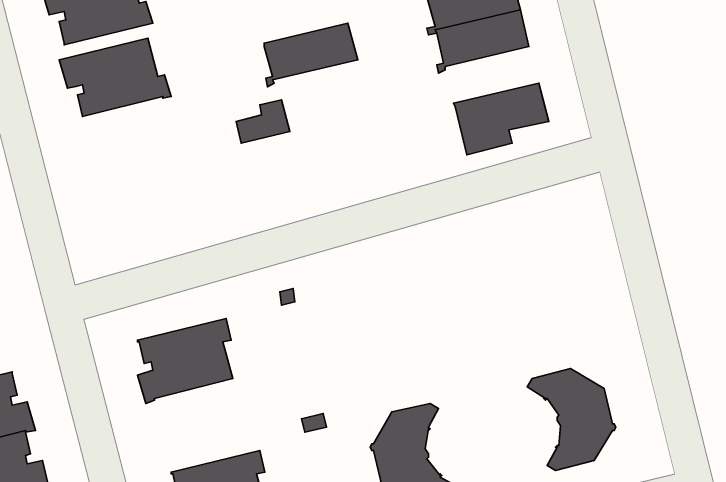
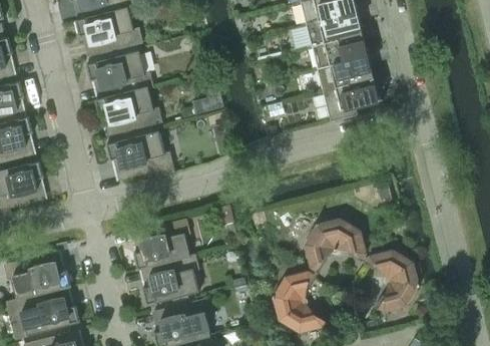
building: [264,23,358,87] -> [317,56,373,94]
building: none -> [94,86,160,134]
building: none -> [105,131,172,180]
building: none -> [304,219,366,271]
building: none -> [141,255,198,306]

